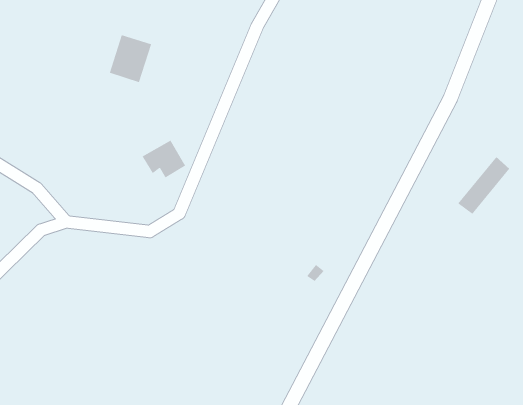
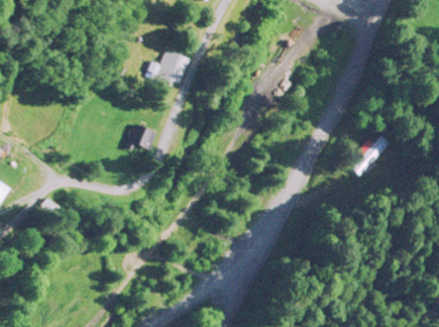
building: [109,34,152,83] -> [155,50,187,86]

